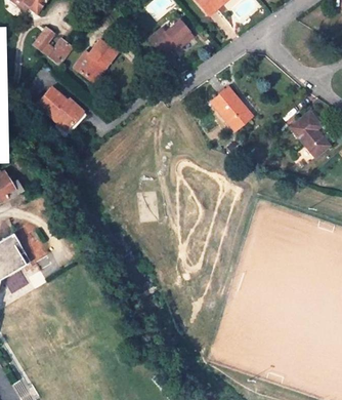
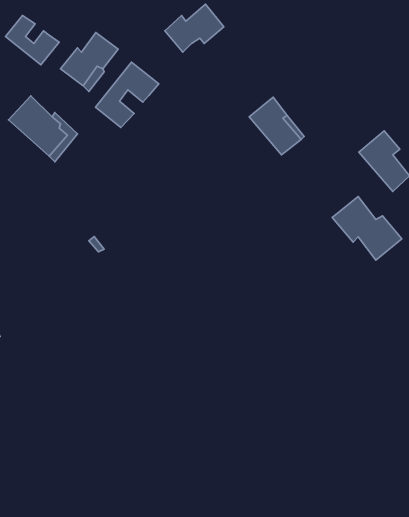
building: none -> [96,62,159,127]
building: none -> [332,196,402,260]

